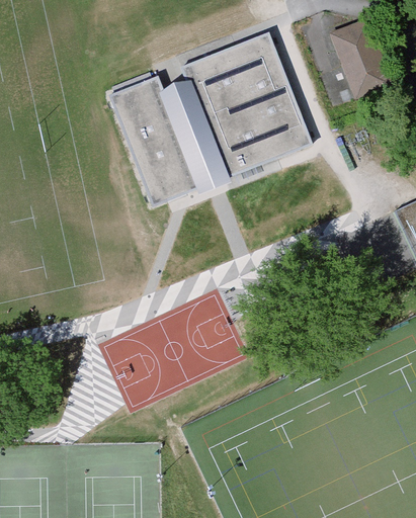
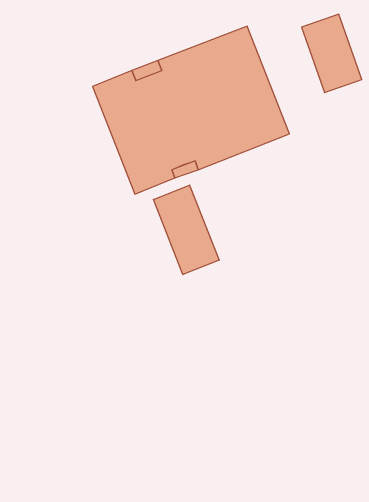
building: none -> [153,185,219,275]

